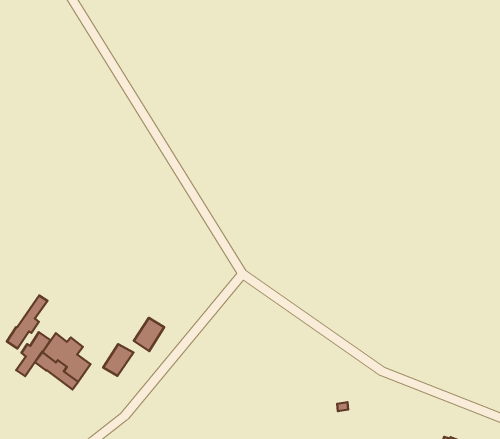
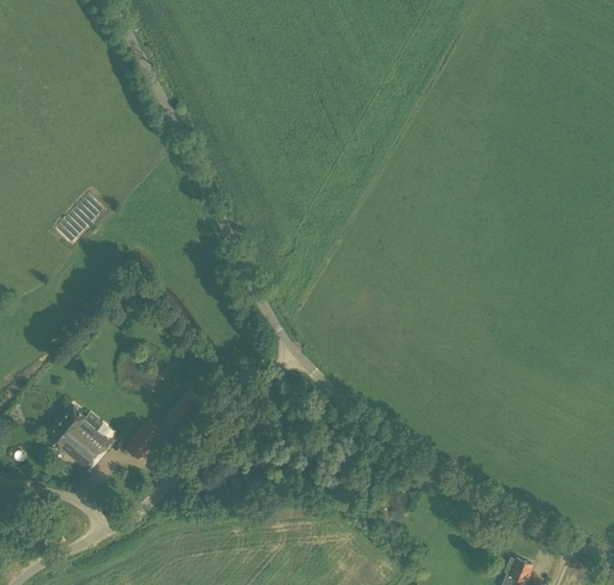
building: [7,295,47,348] -> none
building: [16,332,50,376] -> none

